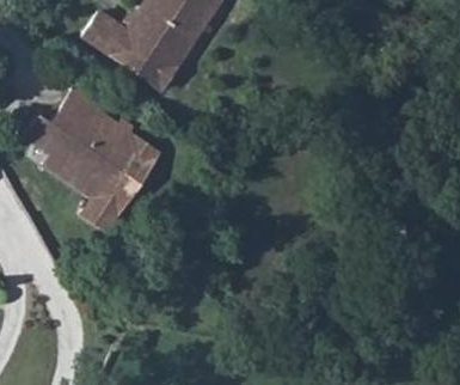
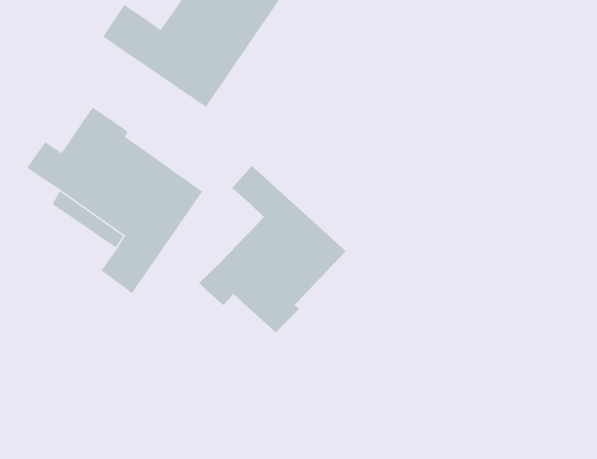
building: none -> [198,165,346,333]

